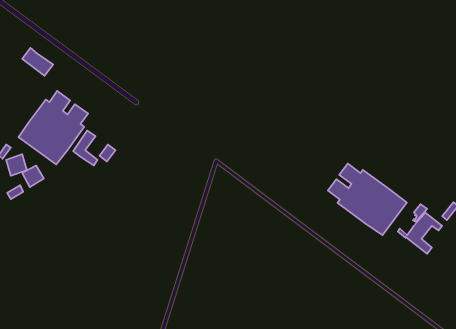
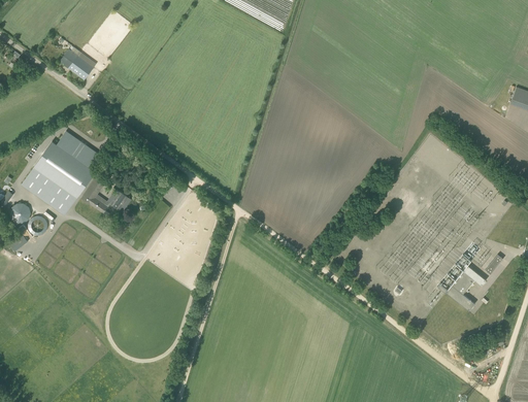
building: [22,48,53,76] -> [62,47,96,78]
building: [328,163,407,235] -> none

